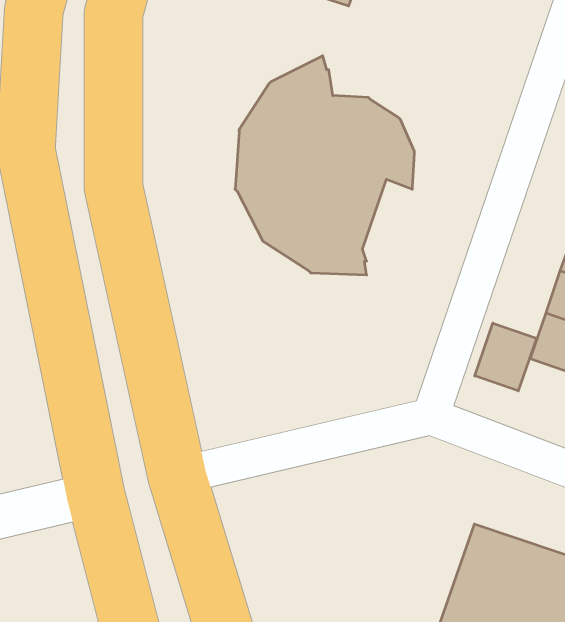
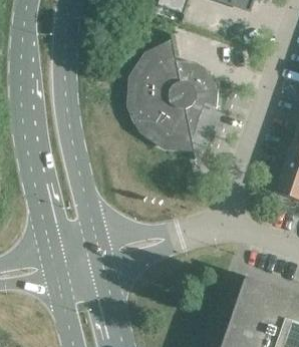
building: [475,323,536,391] -> none

